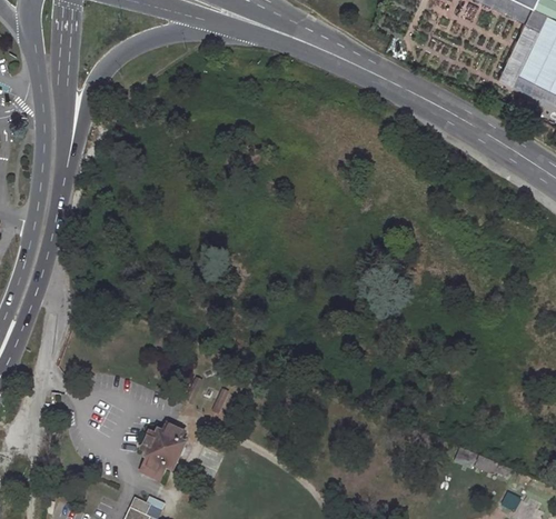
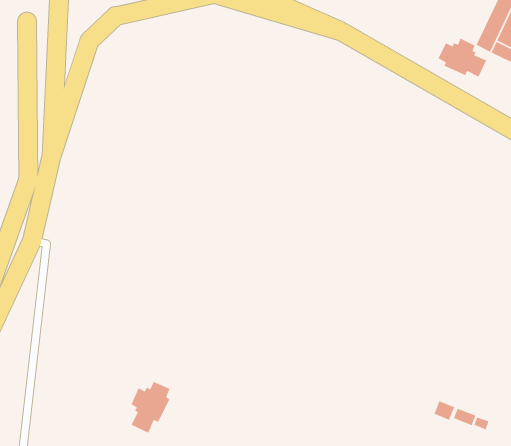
building: none -> [437,37,487,78]

